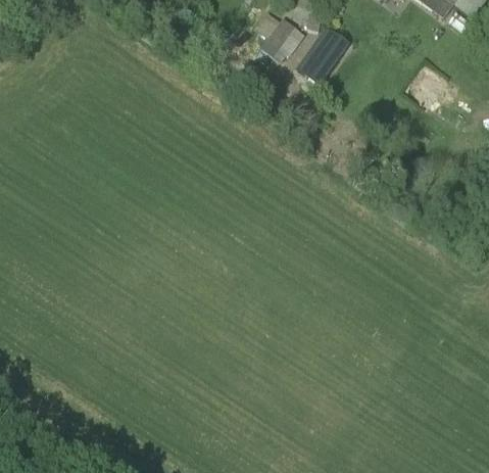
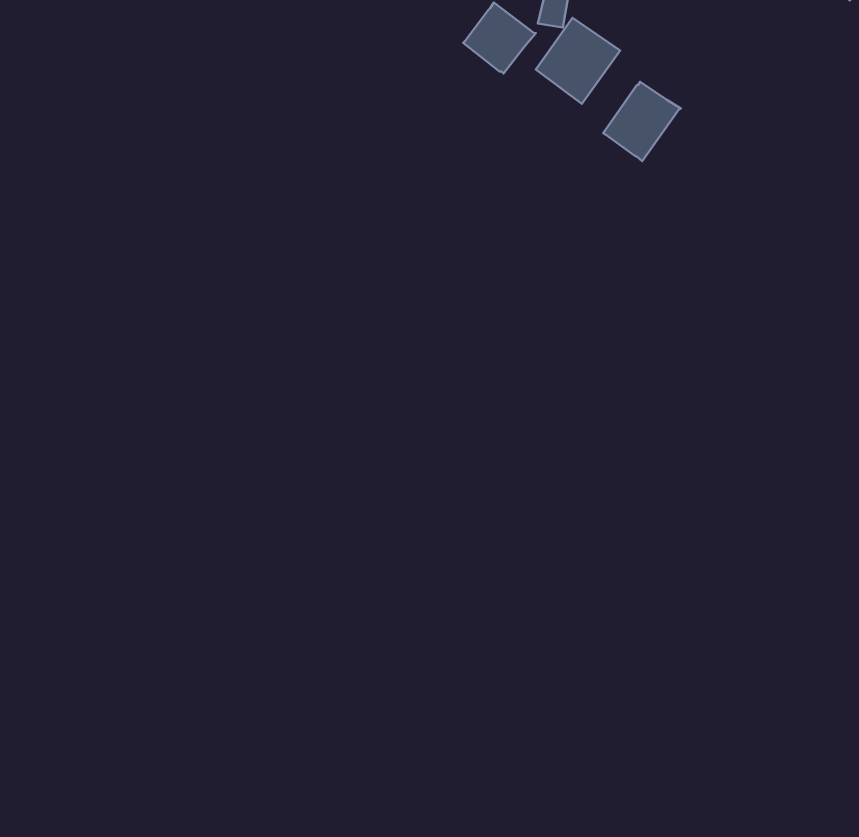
building: none -> [603,82,681,161]

